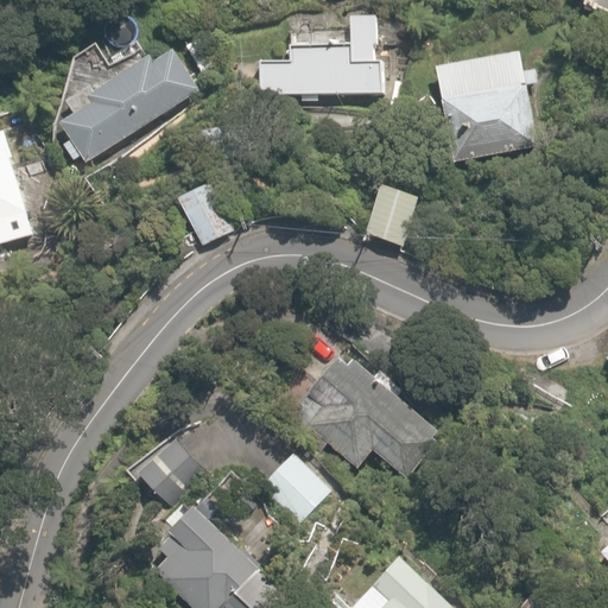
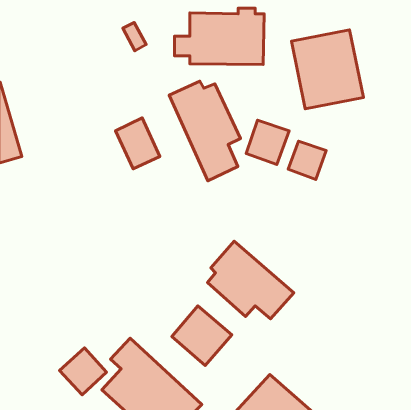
building: [48,40,201,166] -> none
building: none -> [169,81,240,181]
building: none -> [288,141,326,180]
building: [137,442,205,511] -> [60,348,106,395]

